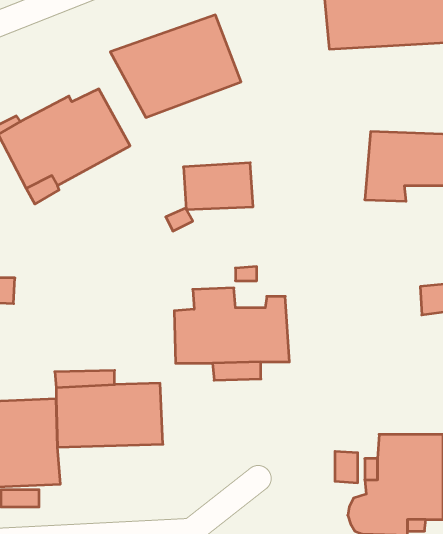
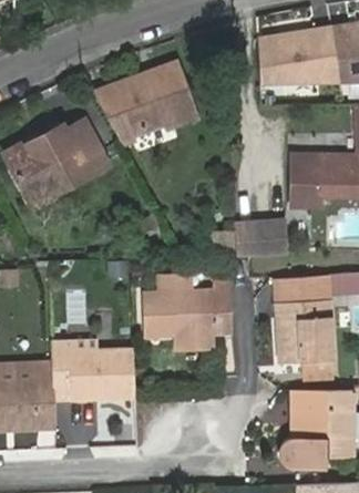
building: [183,163,253,210] -> [234,218,288,255]
building: none -> [275,274,332,380]

